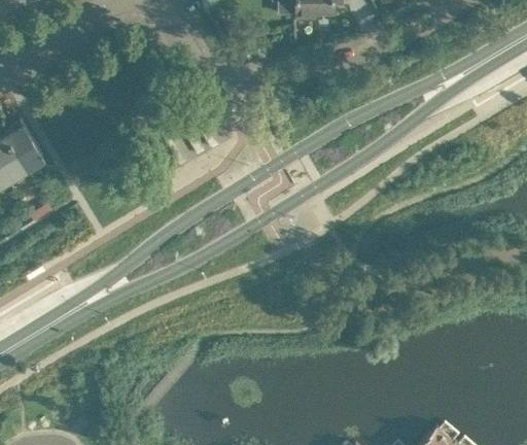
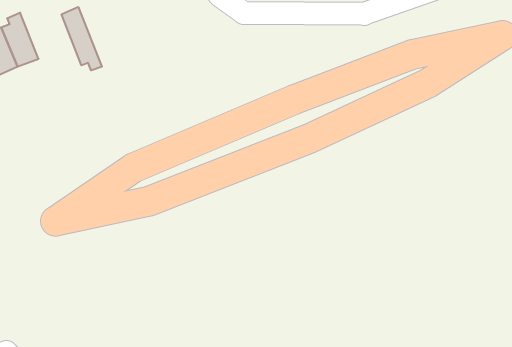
building: none -> [62,7,102,70]

